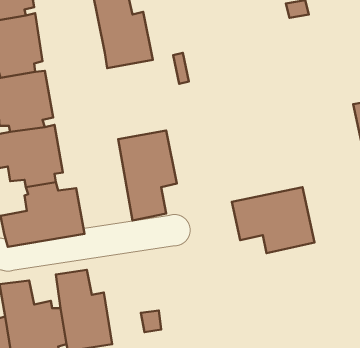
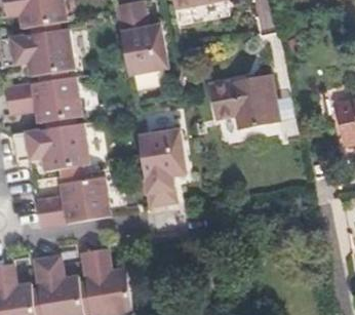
building: [232,187,314,253] -> [209,75,280,131]

